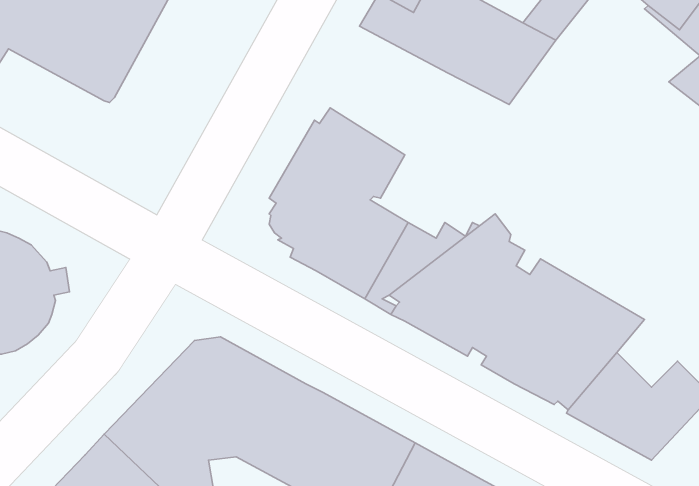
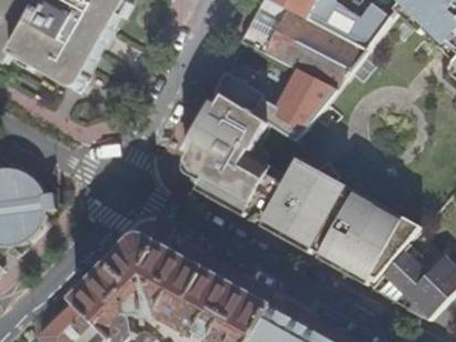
building: none -> [212,67,333,139]

